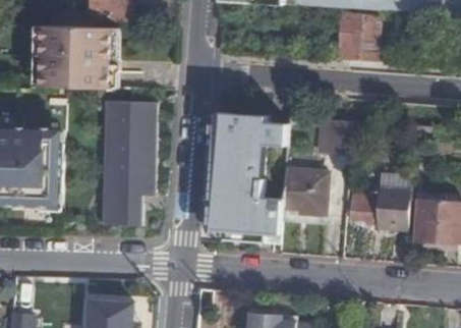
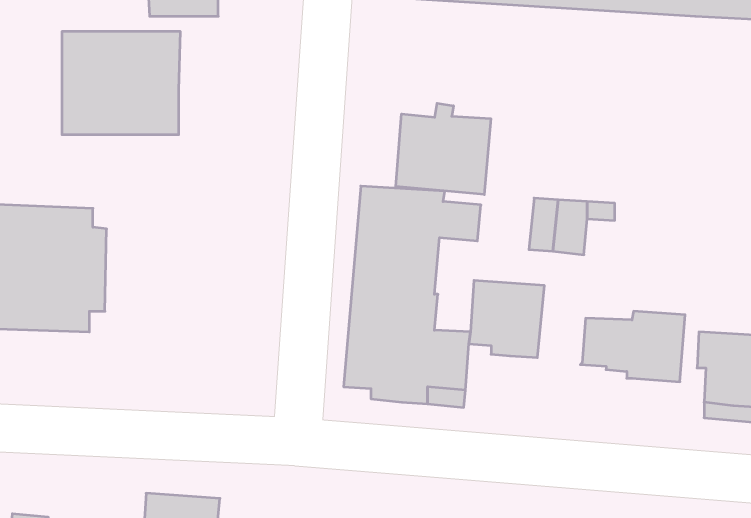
building: [334,13,380,61] -> none
building: none -> [396,103,491,195]
building: [101,94,155,219] -> none

